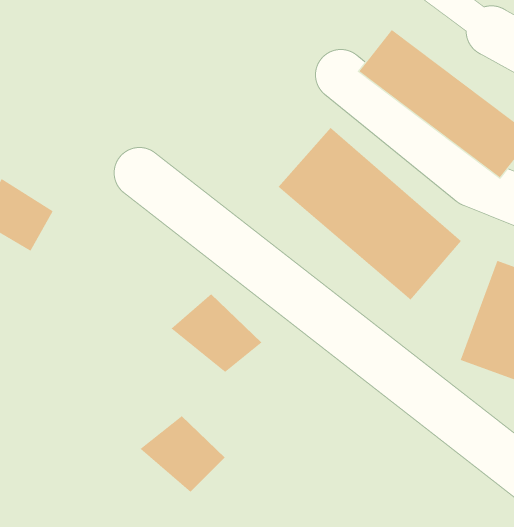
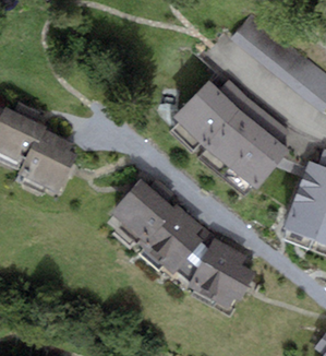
building: none -> [24,146,70,183]
building: none -> [189,242,254,306]
building: [140,416,226,493] -> [142,217,195,265]

